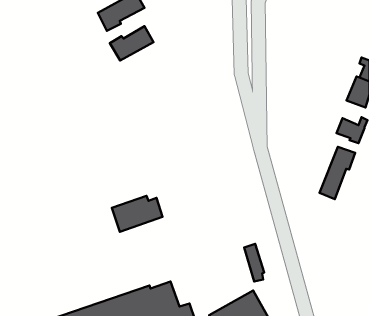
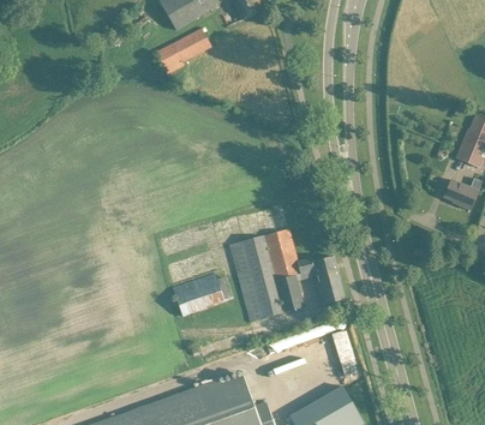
building: [110,26,153,61] -> none
building: [319,147,355,199] -> none
building: none -> [229,228,345,321]

